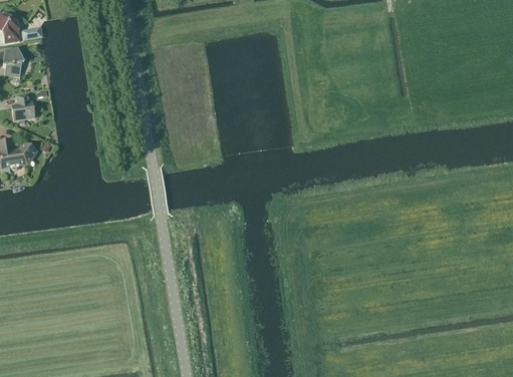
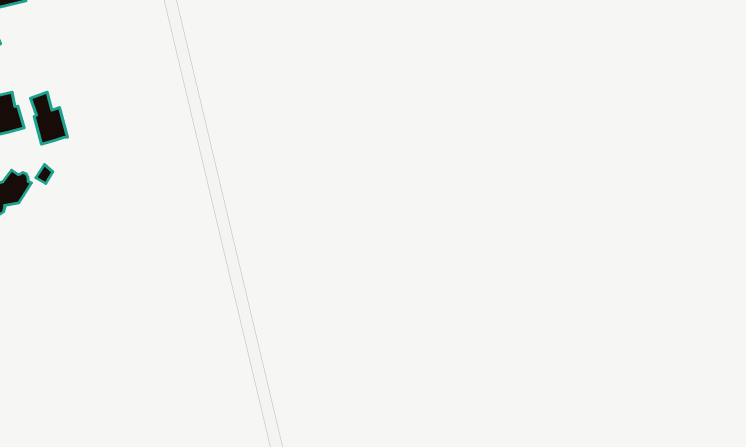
building: none -> [31,92,68,144]

